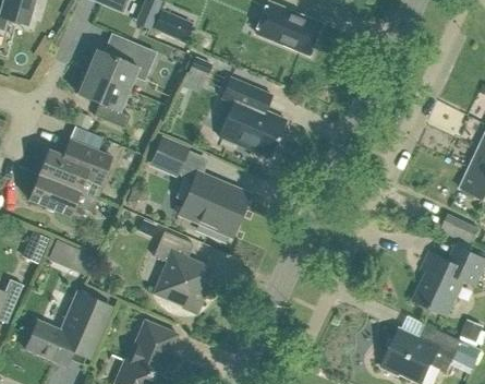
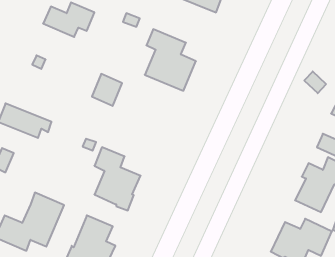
building: [77,70,130,127] -> none
building: [38,141,111,197] -> none
building: [175,171,248,233] -> none

